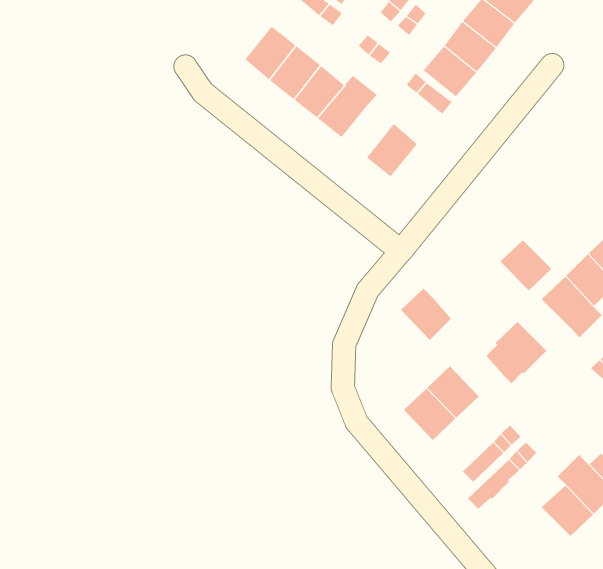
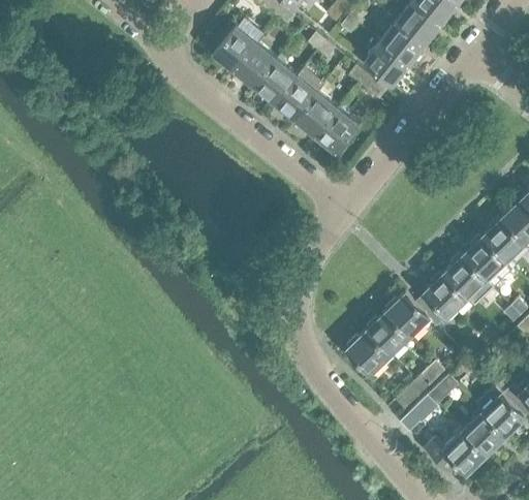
building: none -> [295,92,339,136]
building: [499,239,552,291] -> [443,255,488,299]
building: [400,288,452,341] -> [386,292,430,337]
building: none -> [426,430,488,474]

